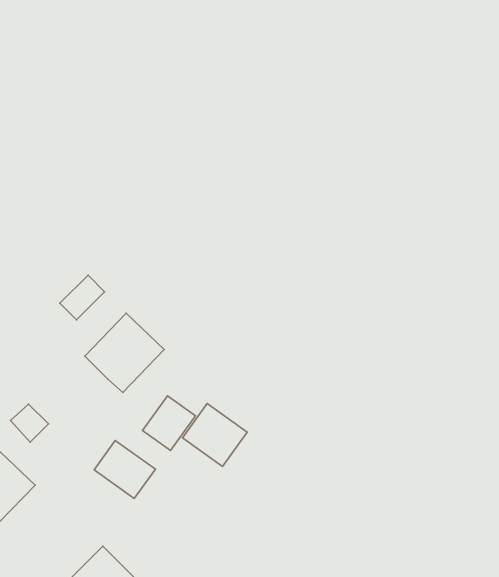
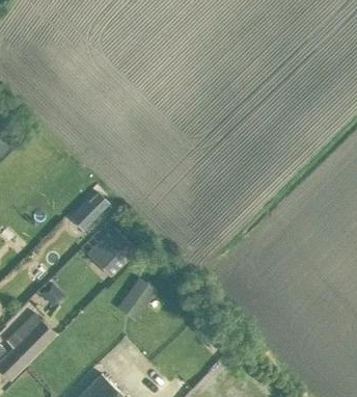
building: [182,403,247,466] -> none
building: [94,441,155,499] -> none

